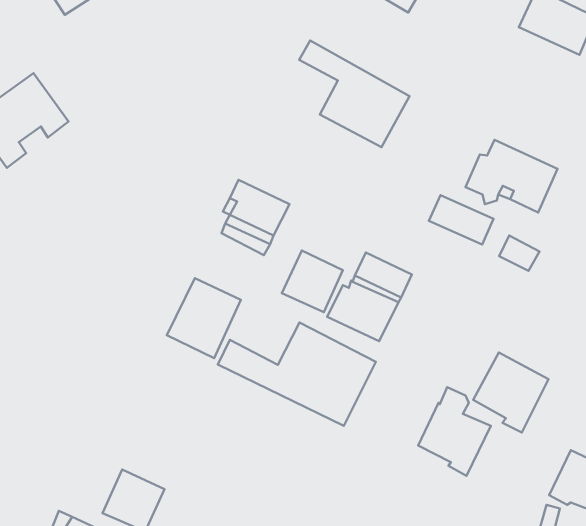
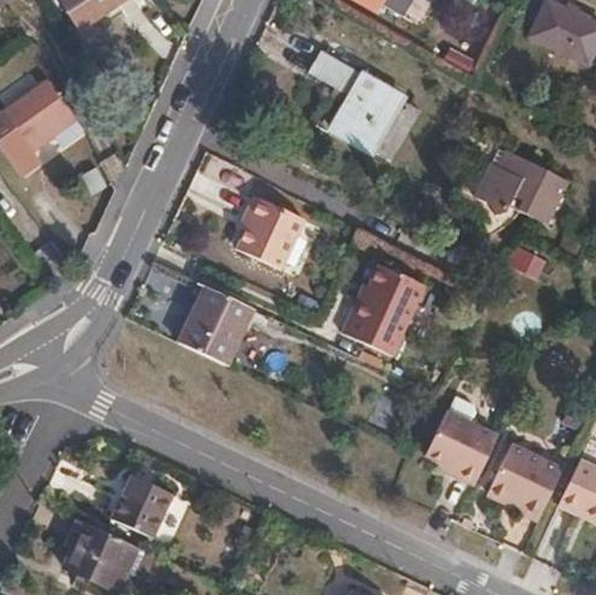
building: [429,195,494,245] -> none
building: [282,250,343,312] -> none
building: [218,322,376,426] -> none
building: [473,353,548,433] -> [488,441,562,520]

